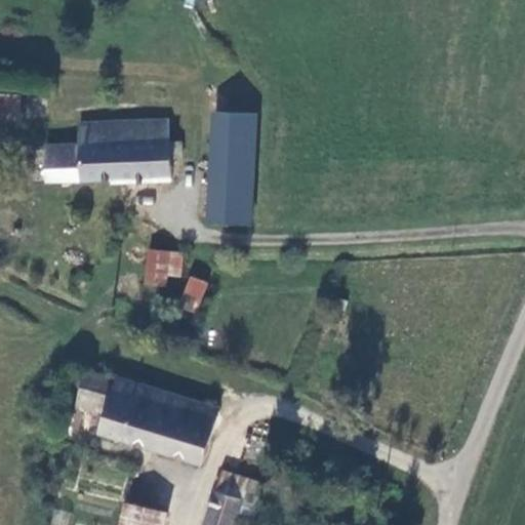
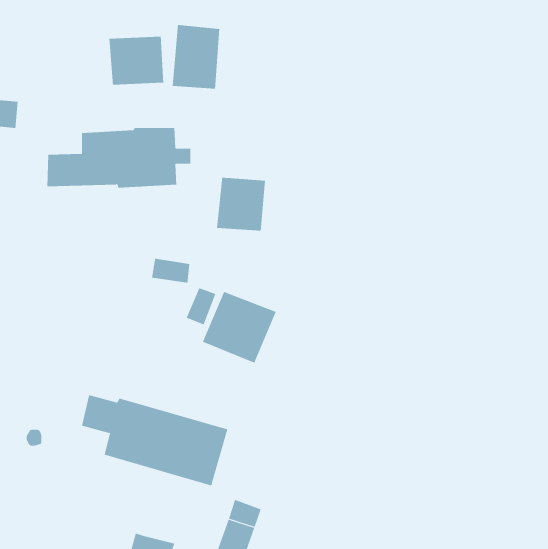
building: none -> [109,36,164,86]
building: [210,113,256,174] -> [172,24,220,89]
building: none -> [202,291,277,364]

